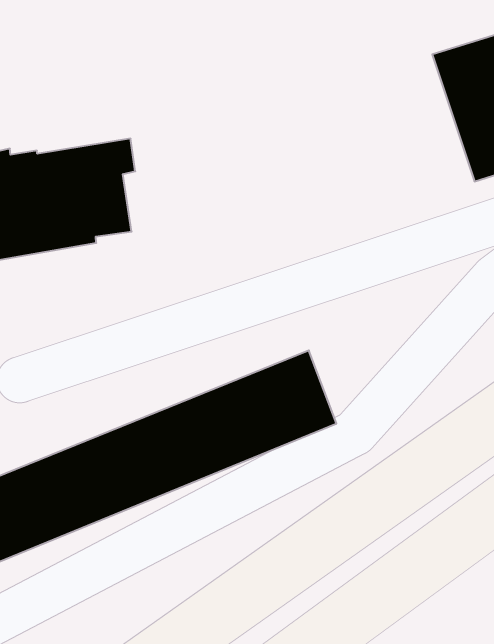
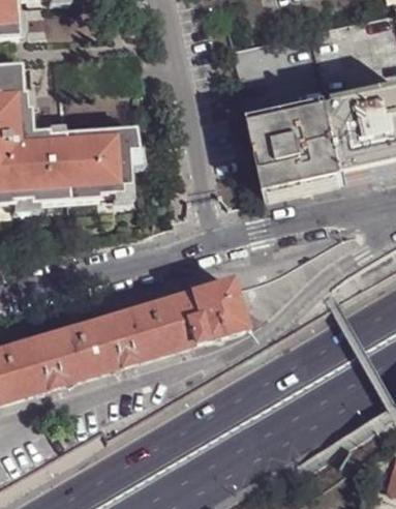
building: none -> [250,93,347,197]

